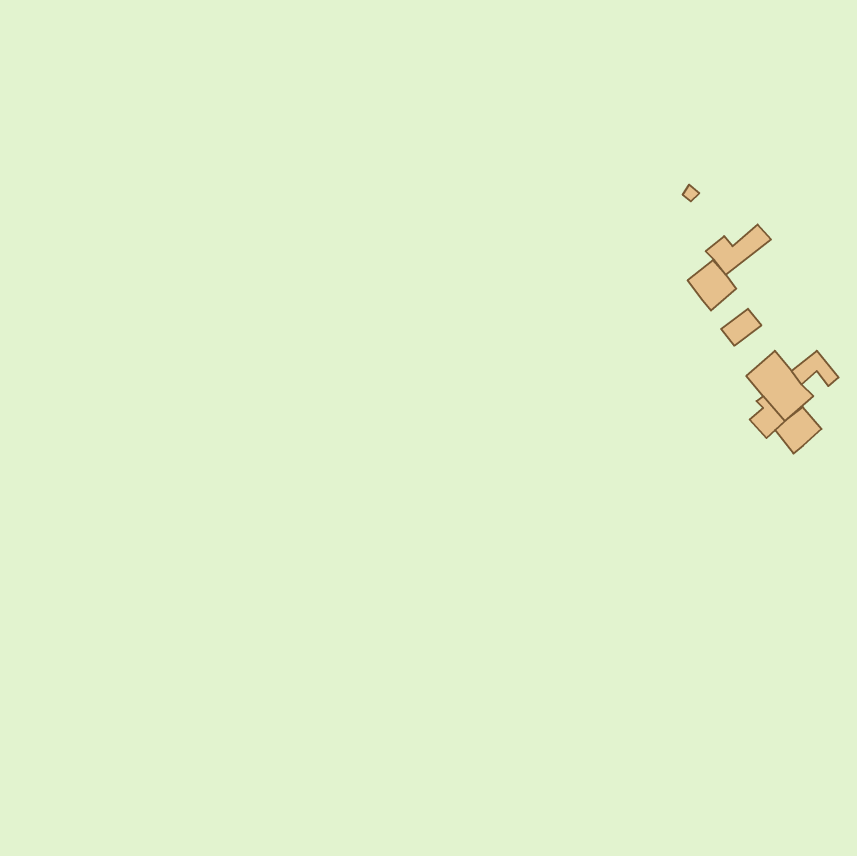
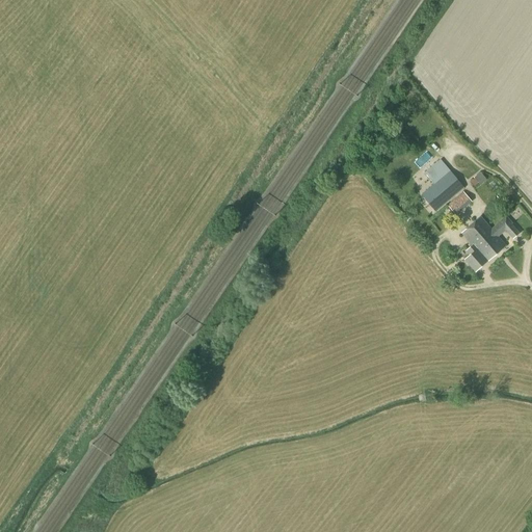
building: [706,224,771,275] -> [424,179,464,210]
building: [775,407,822,454] -> none

